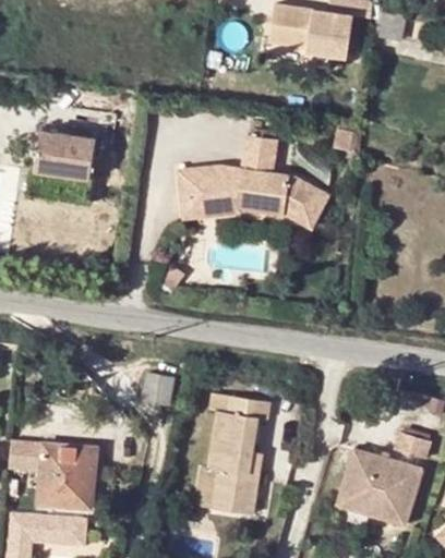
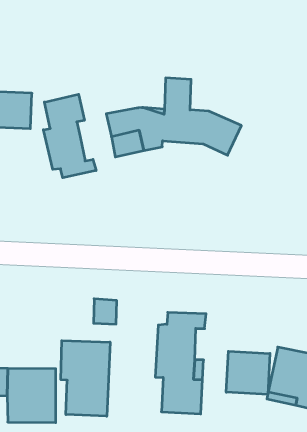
building: none -> [43,94,96,178]
building: none -> [61,341,110,416]
building: none -> [226,351,270,394]

